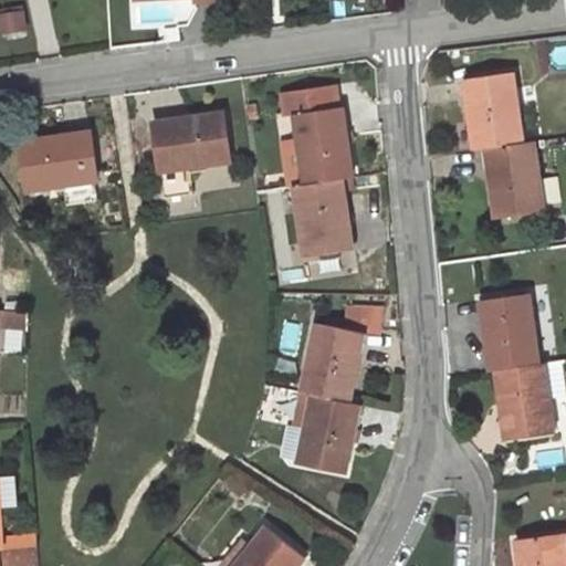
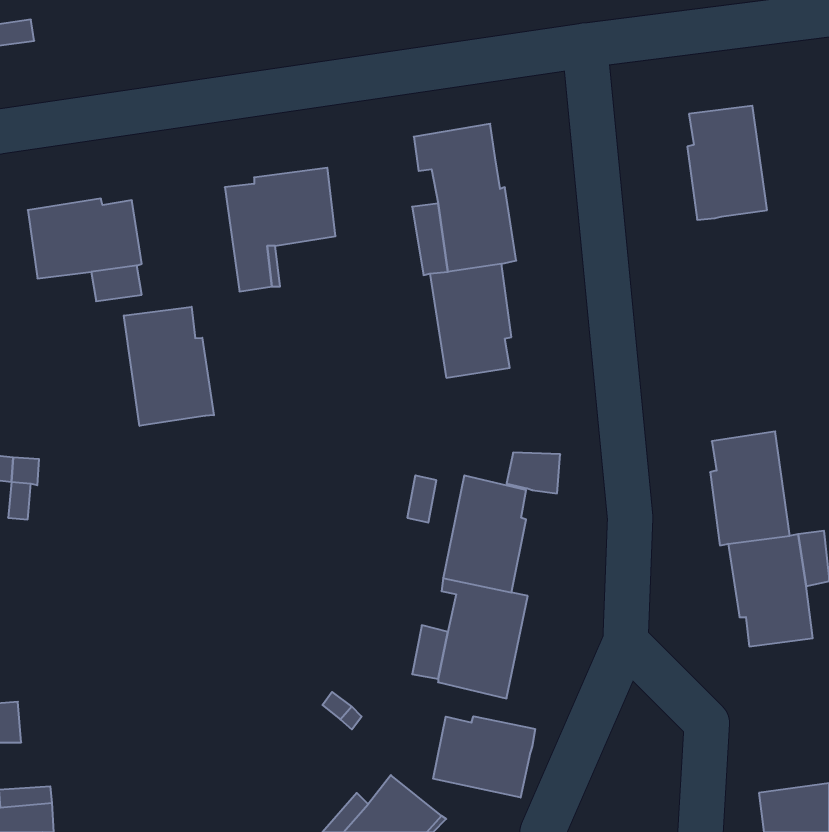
building: [488,140,542,218] -> none
building: none -> [124,307,214,426]
building: none -> [433,716,535,798]

